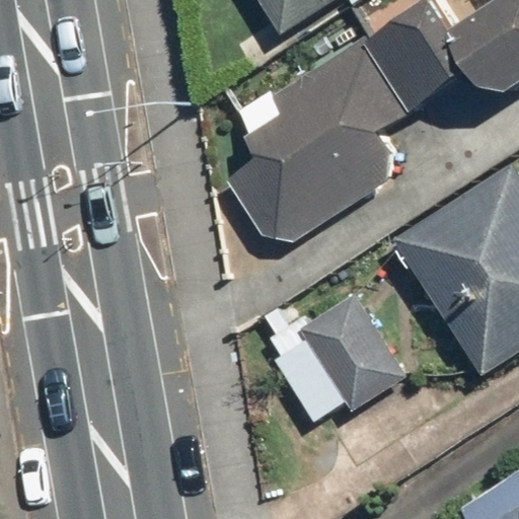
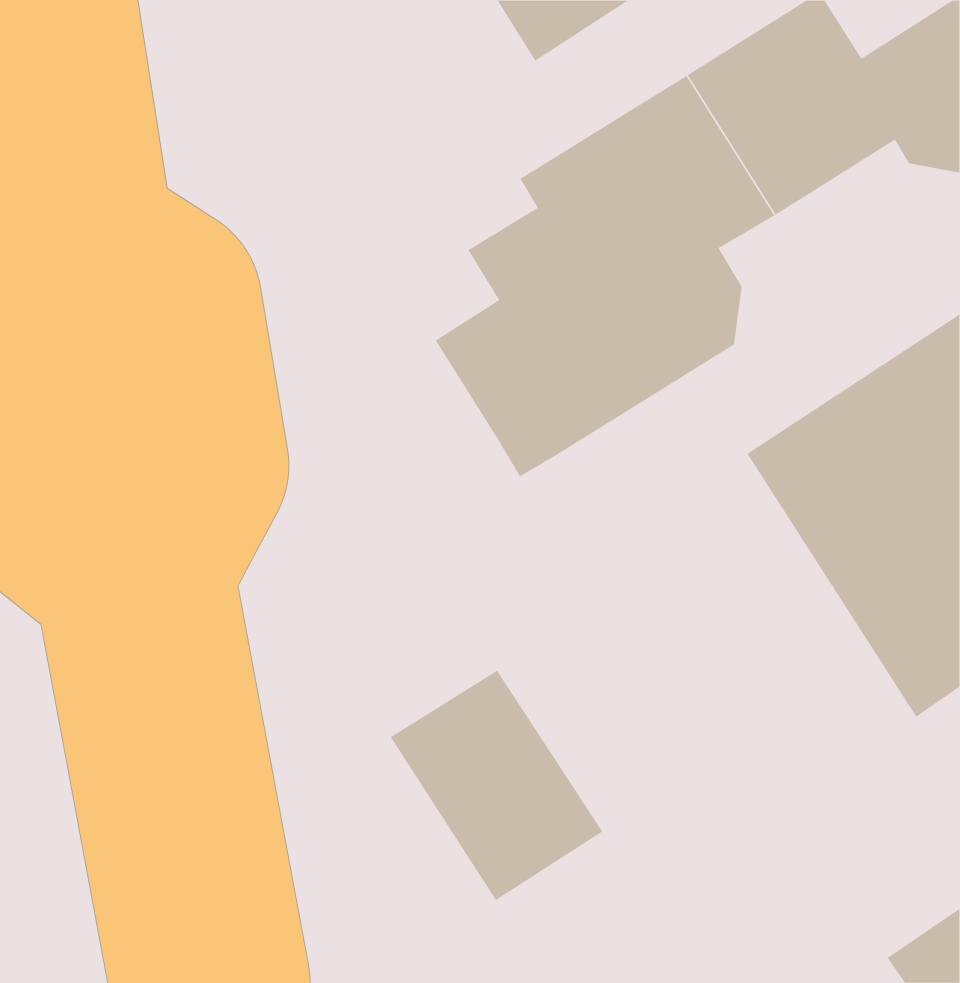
building: [296,292,409,414] -> [390,670,603,901]

